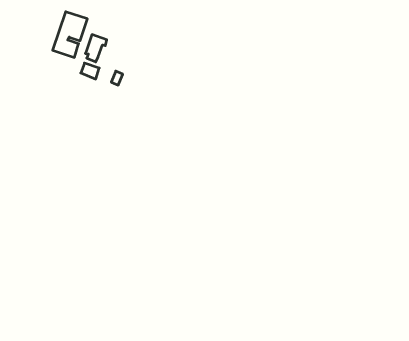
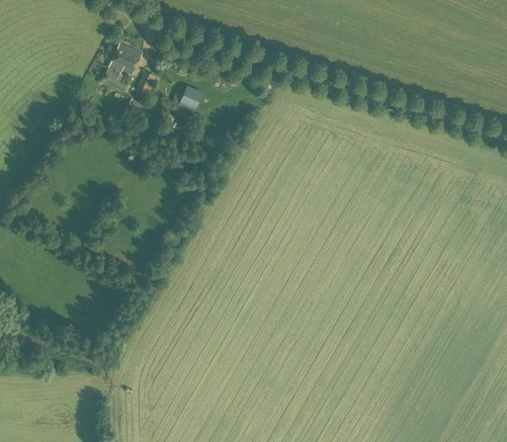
building: none -> [176,85,201,116]

